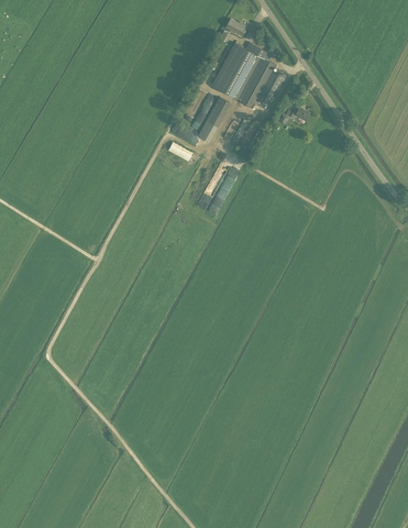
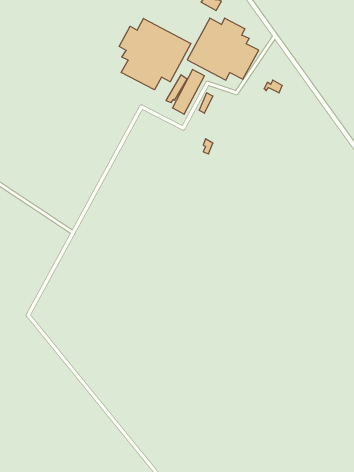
building: none -> [119,18,191,90]

